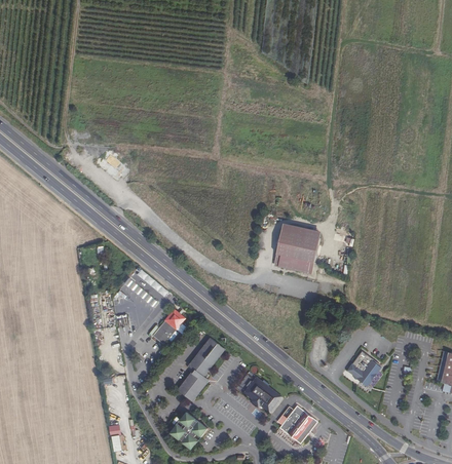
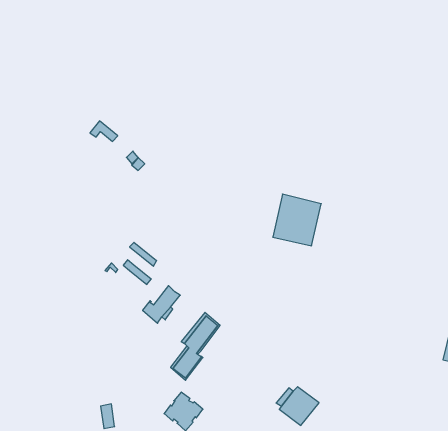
building: [347,352,380,387] -> none
building: [243,377,283,414] -> none

